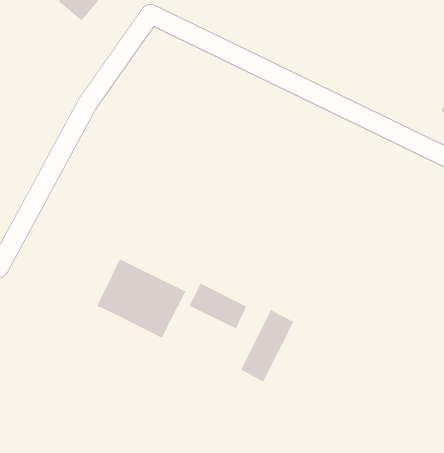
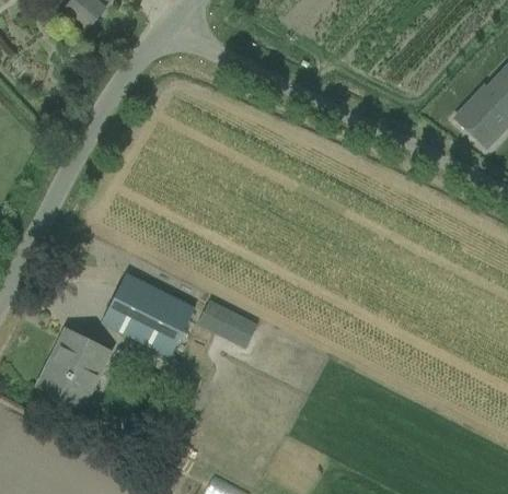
building: [240,309,295,383] -> none
building: none -> [36,329,111,408]

